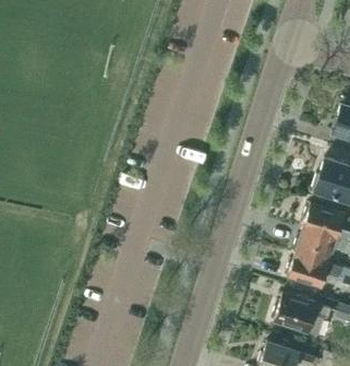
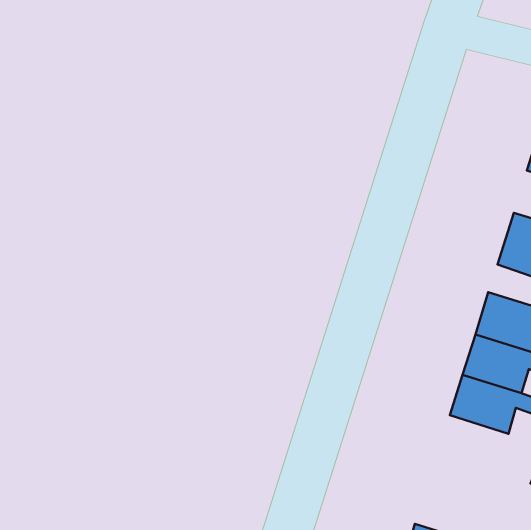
building: [273,296,330,337] -> none

